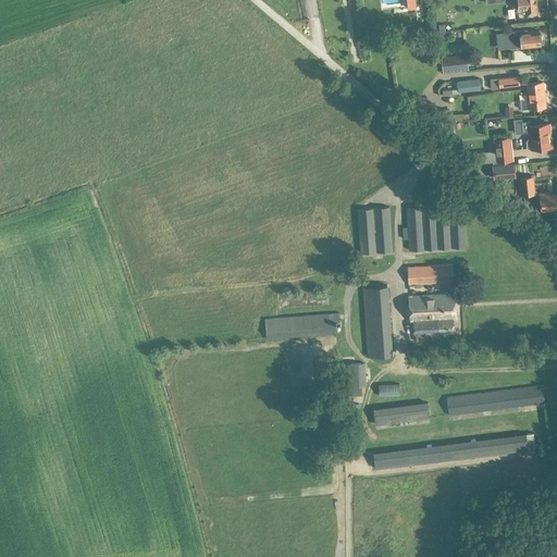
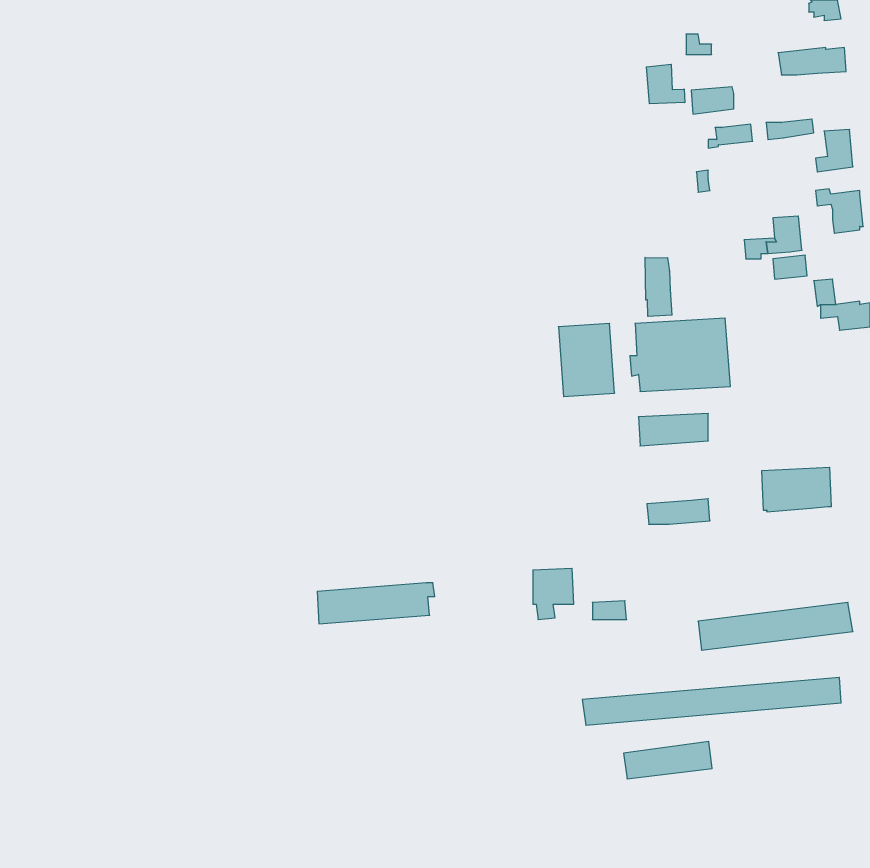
building: none -> [646,64,685,104]
building: none -> [645,257,672,316]
building: [364,285,389,355] -> none
building: [410,295,455,323] -> [762,467,831,512]
building: [265,314,341,341] -> [317,583,435,624]
building: [373,403,430,426] -> [624,741,712,779]

